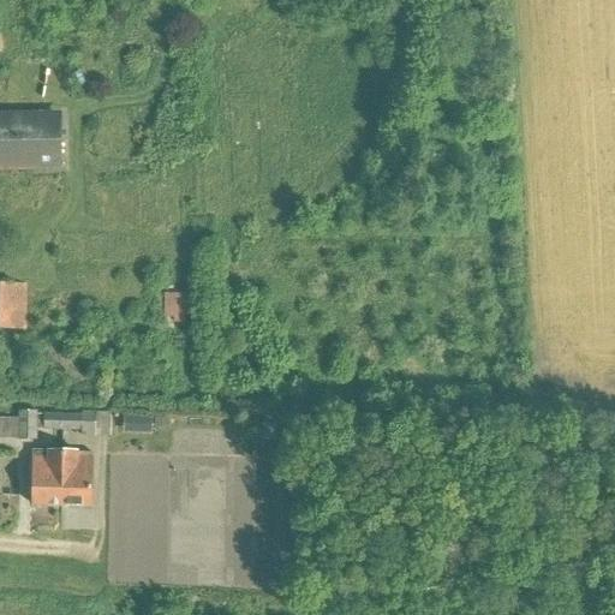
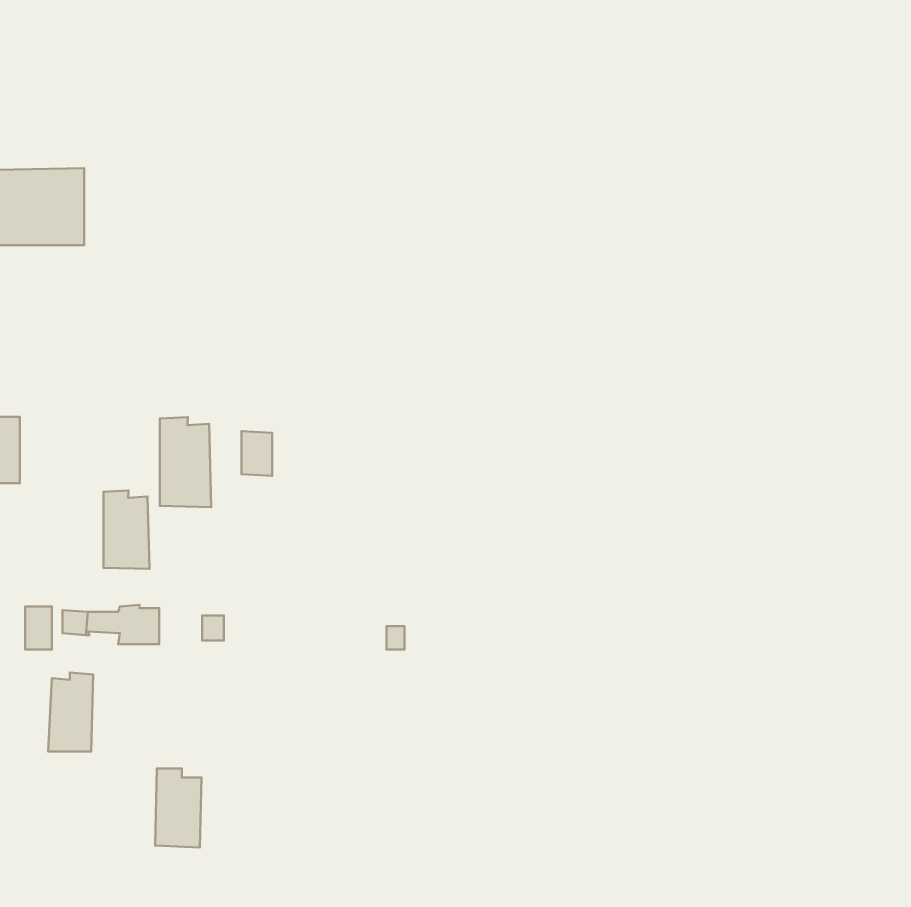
building: none -> [160,417,211,507]
building: none -> [104,491,149,569]
building: [61,453,92,506] -> [155,769,202,847]

